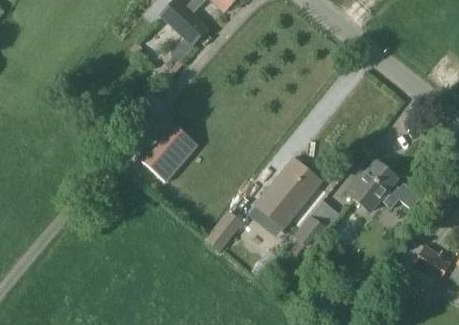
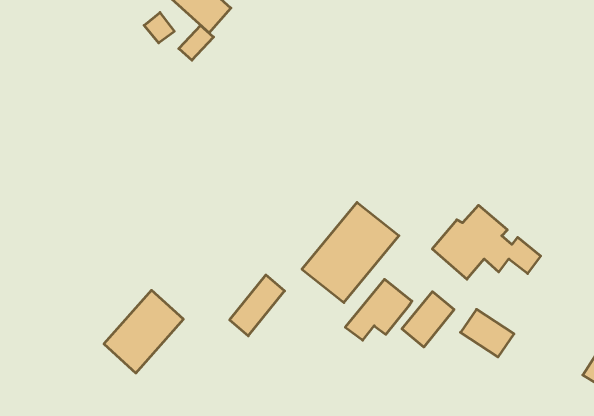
building: [142,124,197,181] -> [104,290,183,373]
building: none -> [402,292,454,347]
building: [413,248,450,281] -> [460,309,514,357]

